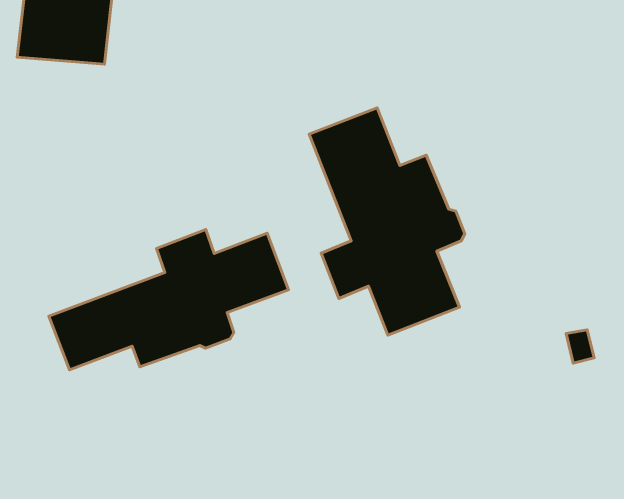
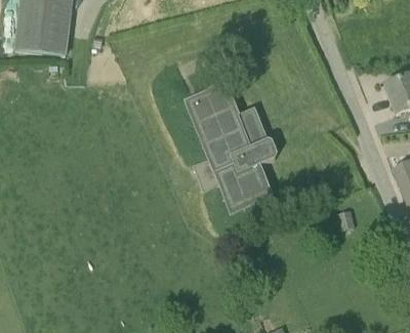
building: [49,230,289,370] -> none

